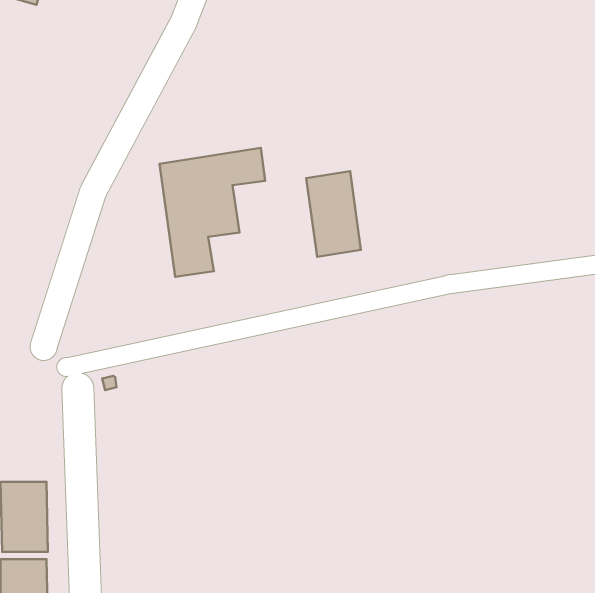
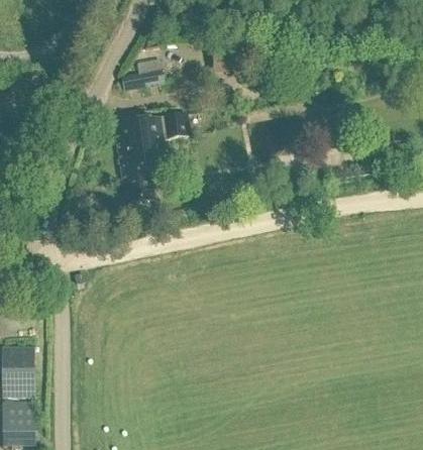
building: none -> [119,58,163,88]
building: [306,171,361,257] -> none

